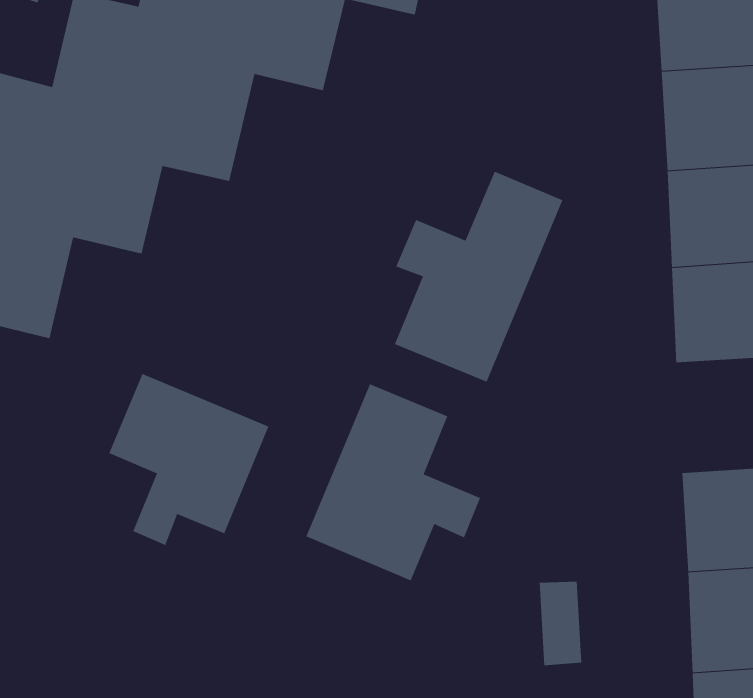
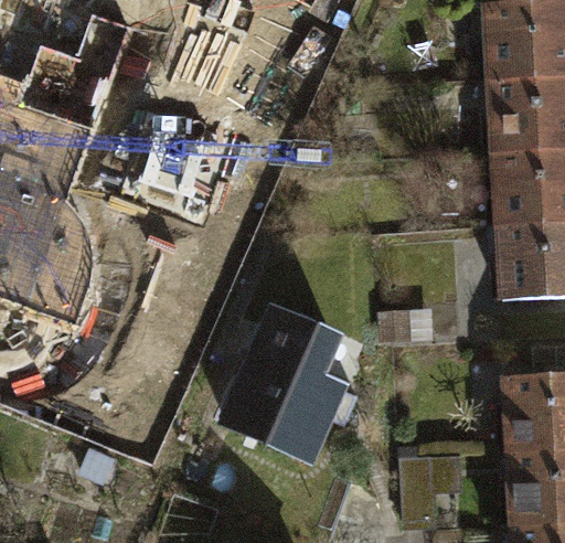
building: [394,171,563,383] -> none
building: [108,373,269,546] -> none

